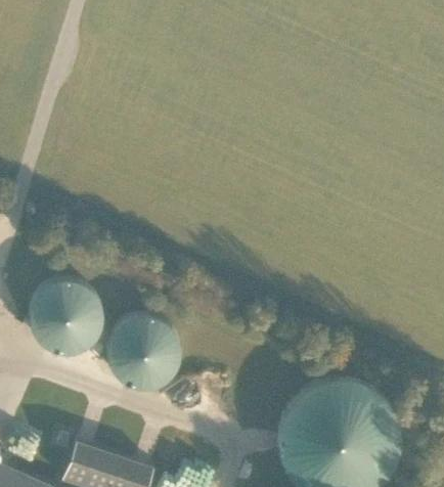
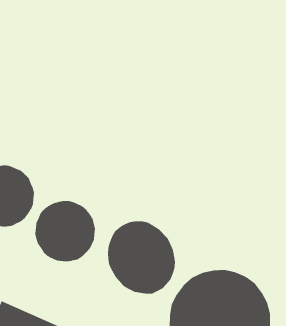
building: none -> [107,220,176,295]

